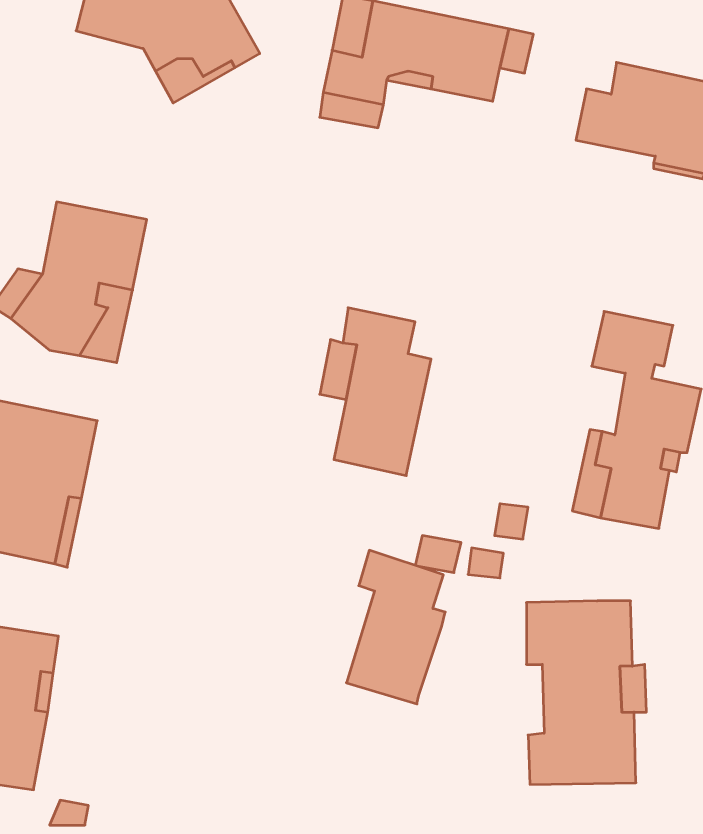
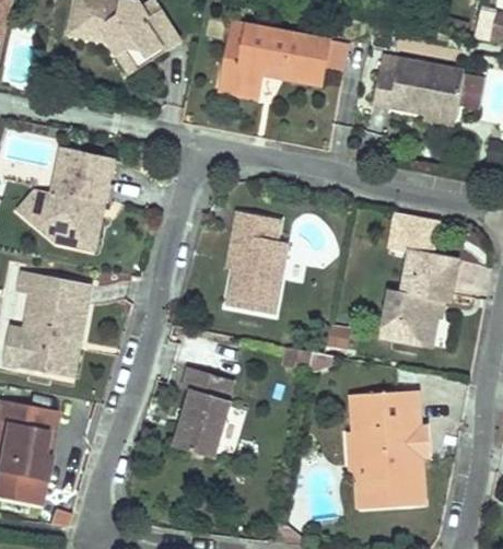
building: [346,550,445,704] -> [171,366,232,462]

